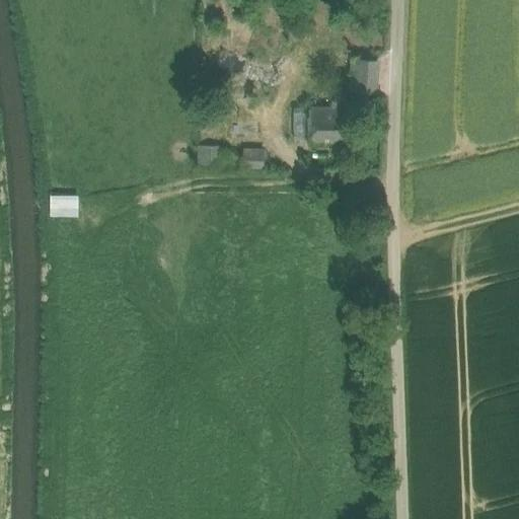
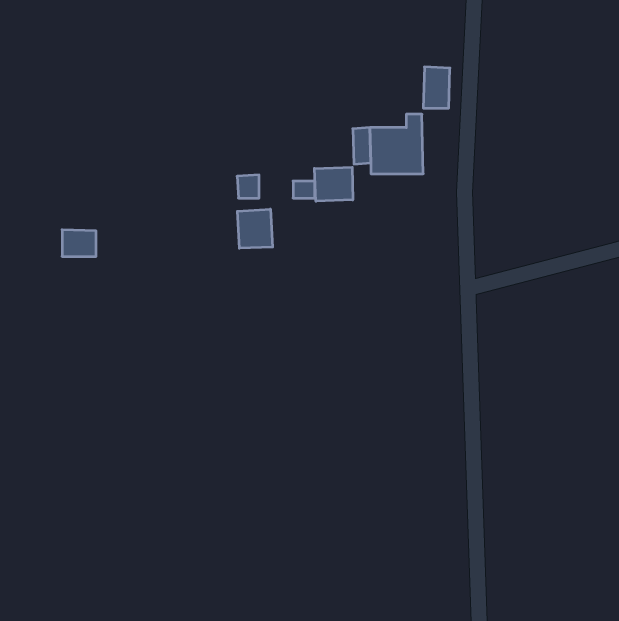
building: none -> [314,167,353,201]
building: none -> [237,209,273,248]

